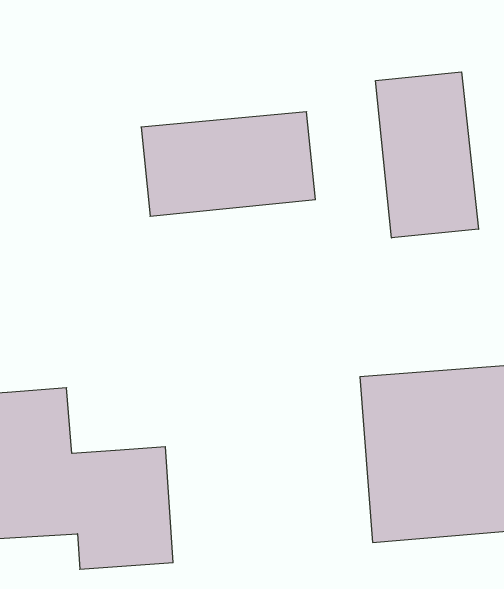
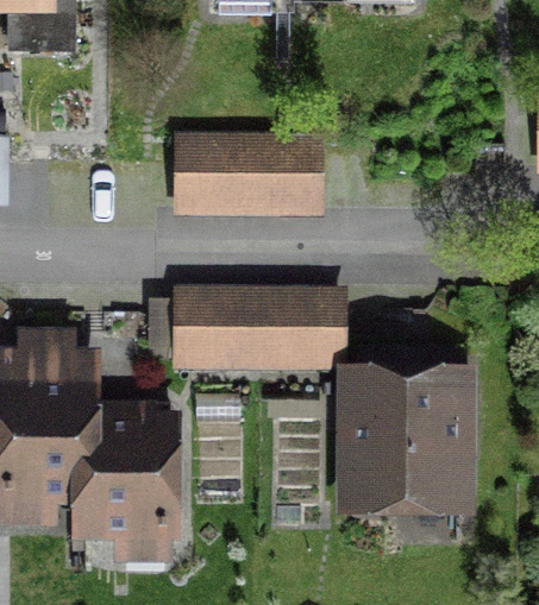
building: [376,72,479,238] -> none
building: none -> [173,279,343,364]

